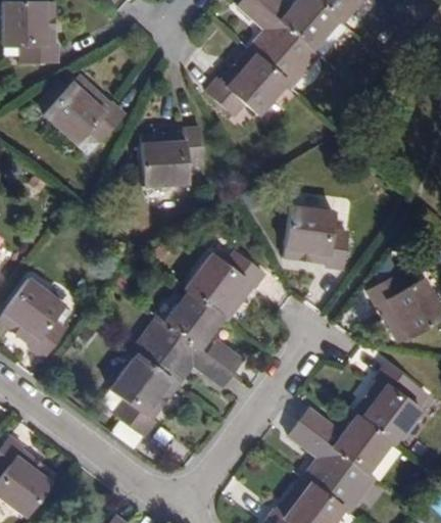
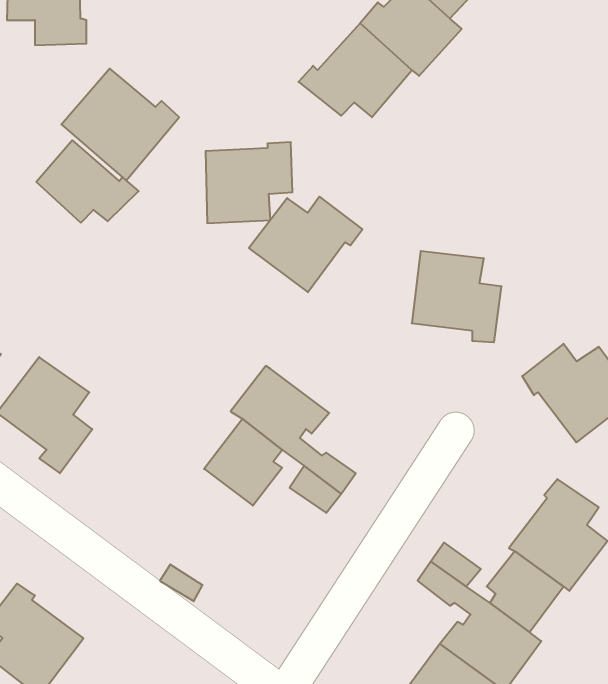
building: none -> [36,140,139,223]
building: [188,251,266,318] -> [249,197,362,292]
building: [110,353,179,433] -> none

